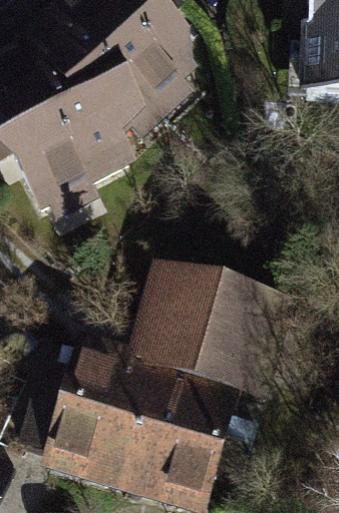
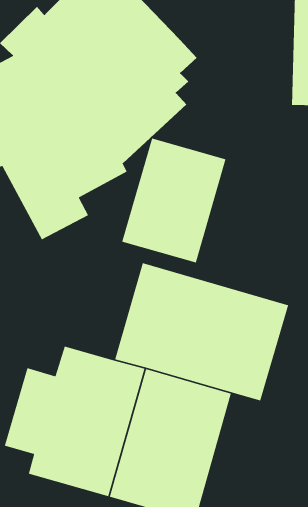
building: none -> [121,138,226,263]

